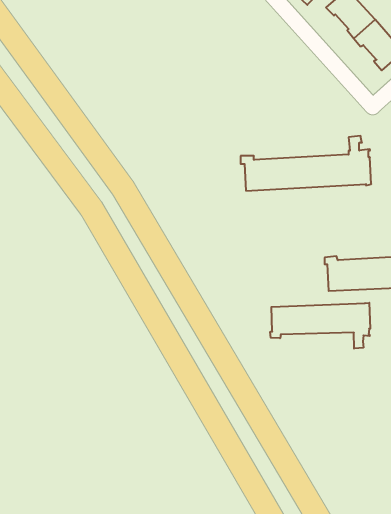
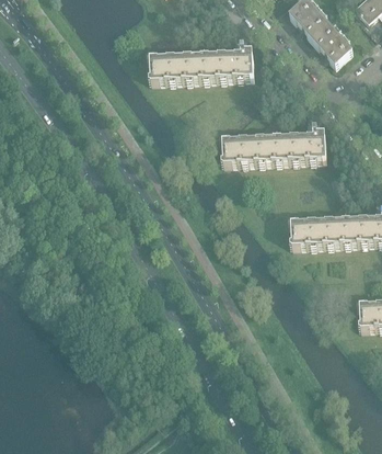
building: none -> [148,35,255,80]
building: [270,303,370,349] -> none

